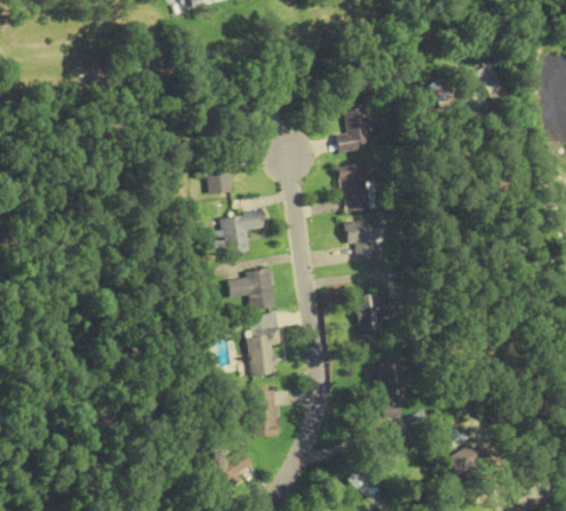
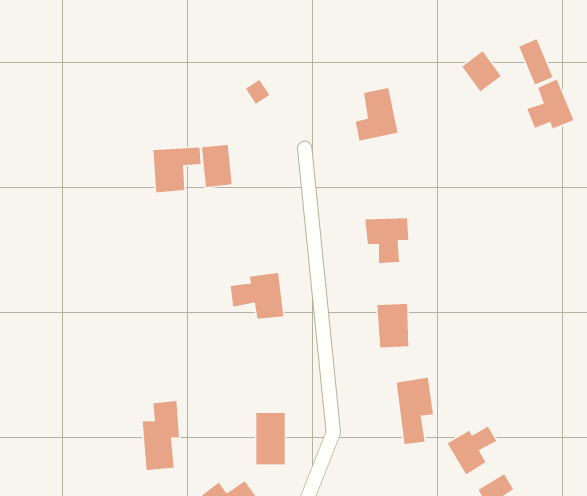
building: none -> [526,79,575,129]
building: [339,163,374,213] -> none
building: [220,214,262,254] -> [153,147,202,193]
building: [247,315,280,377] -> [142,400,180,471]
building: none -> [446,426,497,475]

